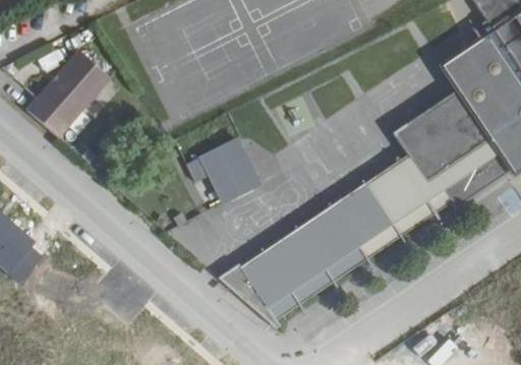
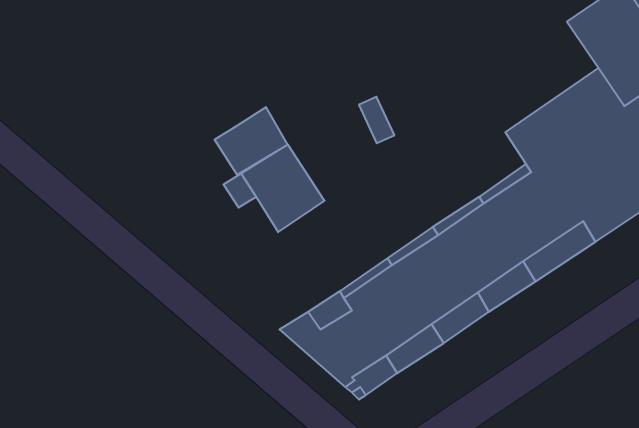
building: [35,45,118,130] -> none
building: none -> [215,107,287,175]

